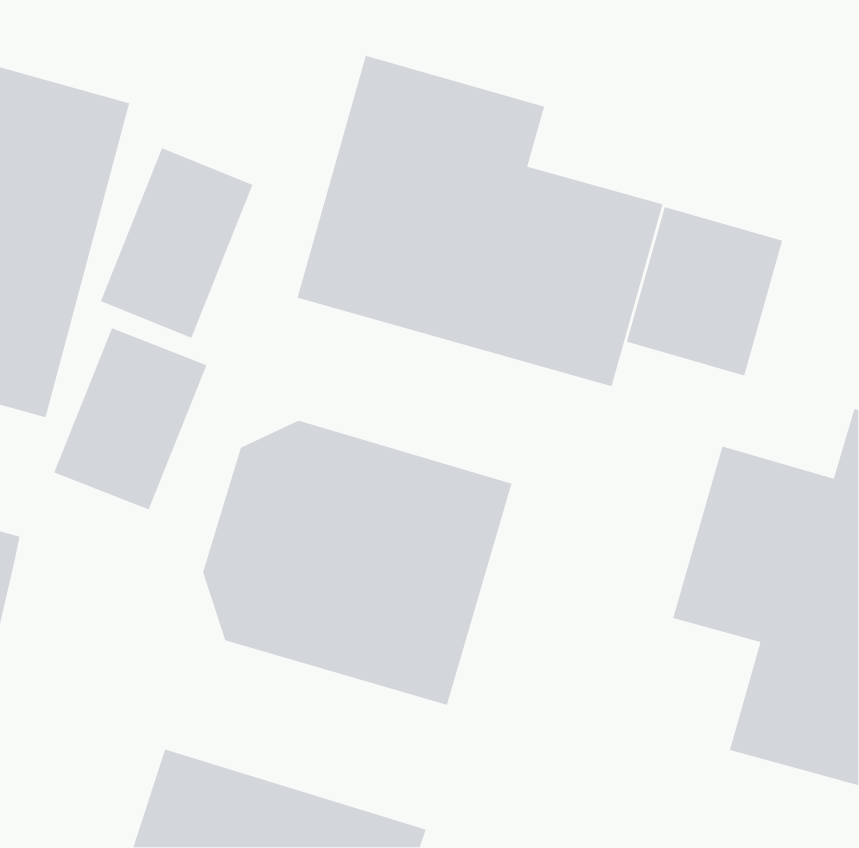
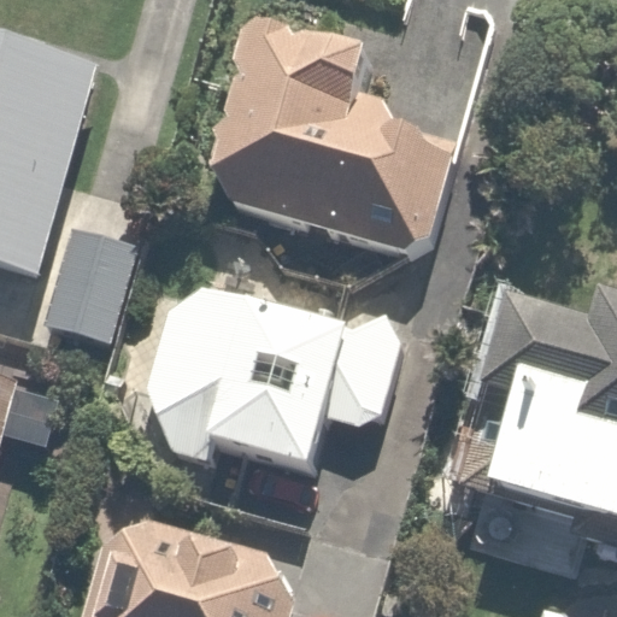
building: [100,147,254,339] -> none
building: [626,206,783,376] -> none

